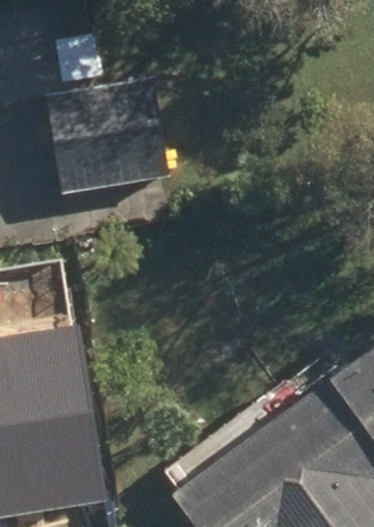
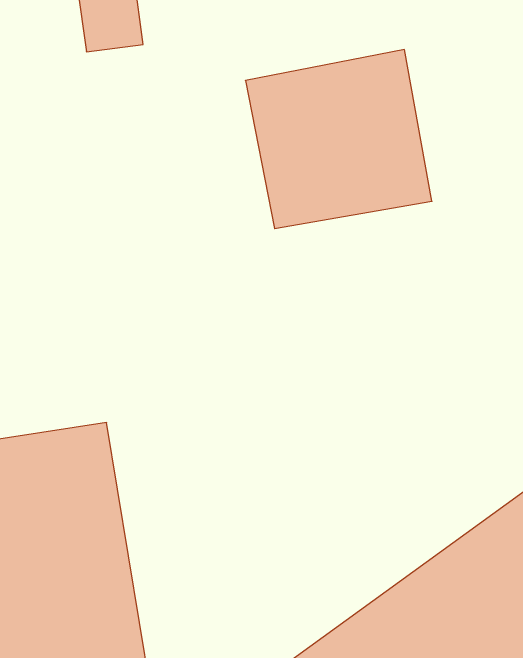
building: [48,76,169,193] -> [245,50,432,229]

